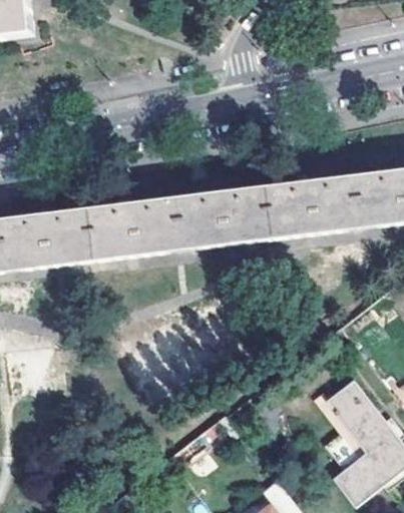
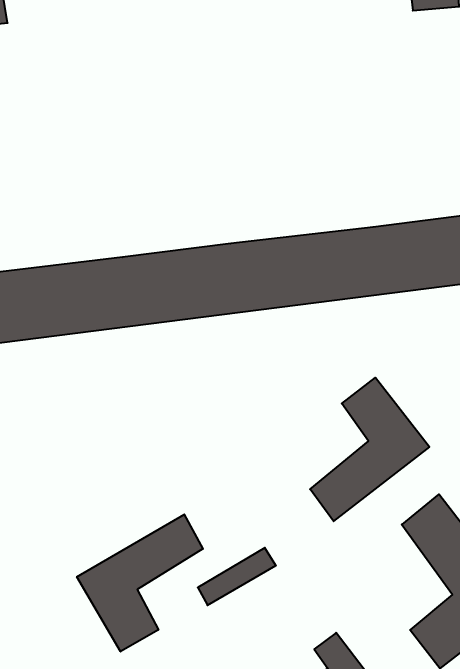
building: none -> [310,378,429,521]
building: none -> [77,514,203,652]

